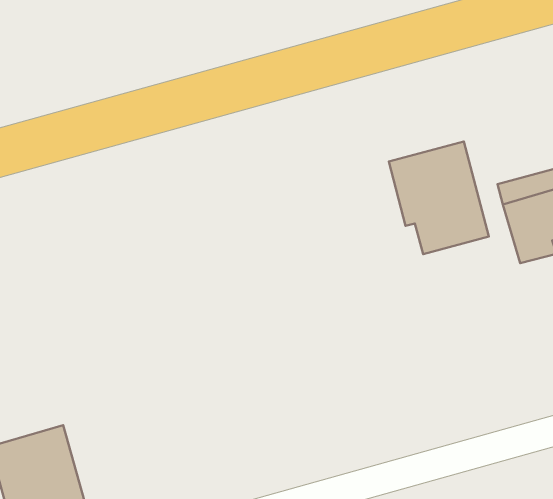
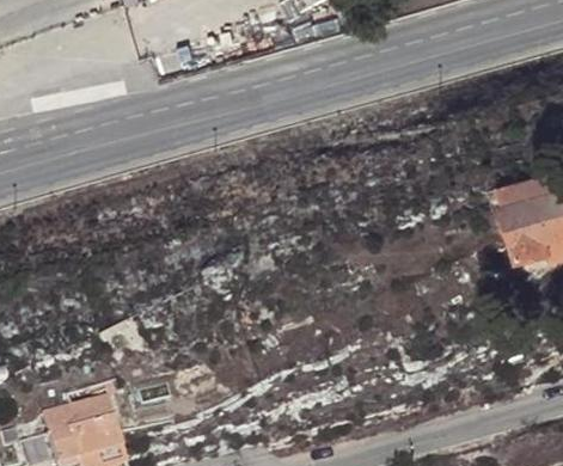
building: [389,141,489,254] -> none

